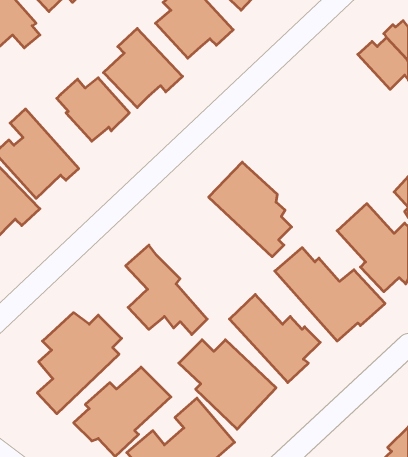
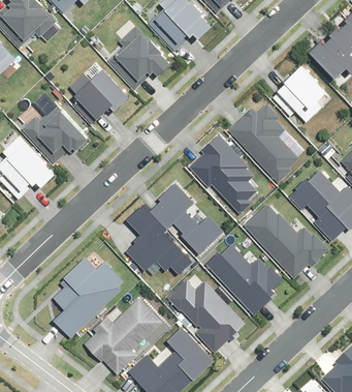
building: none -> [273,63,326,122]
building: none -> [228,103,298,181]
building: none -> [149,183,220,250]

